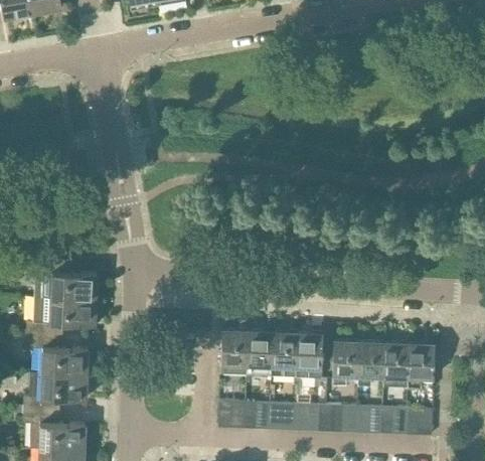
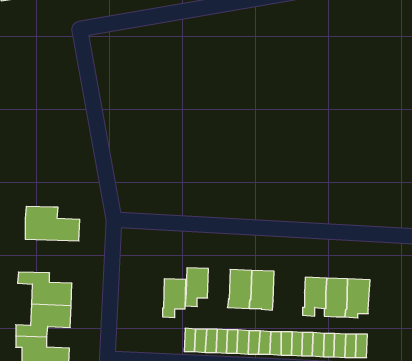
building: [26,296,97,335] -> none
building: [246,330,273,375] -> [163,279,186,318]
building: [333,339,360,385] -> none

